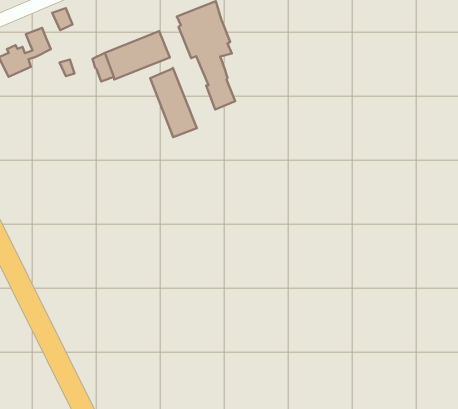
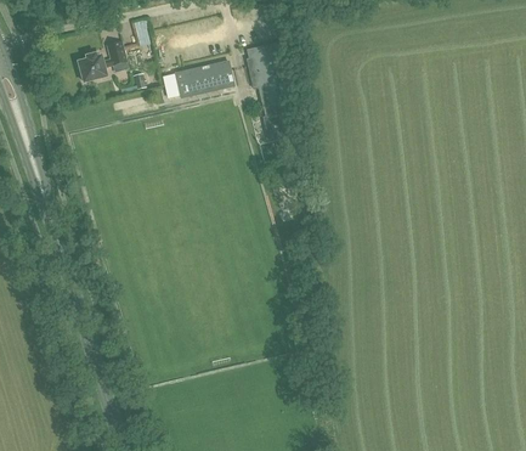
building: [150,68,197,137] -> none

